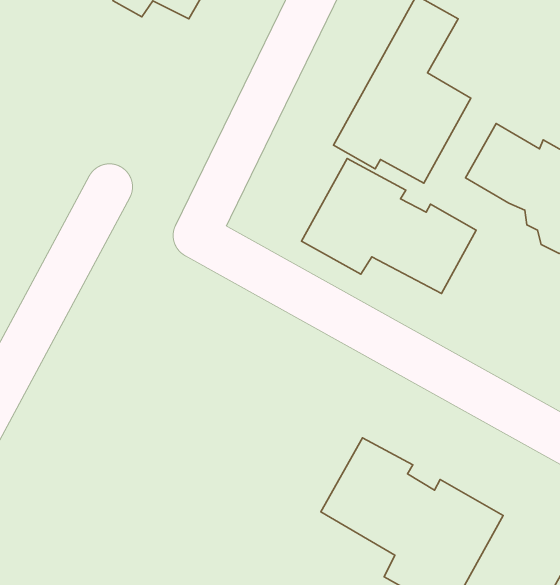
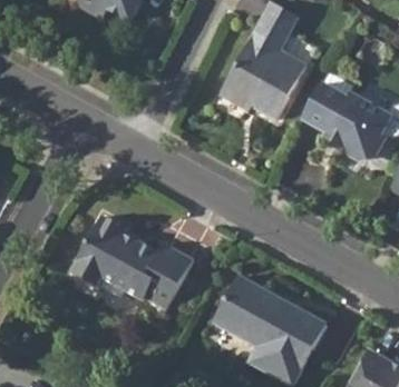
building: [301,158,476,293] -> none
building: none -> [72,216,194,307]

